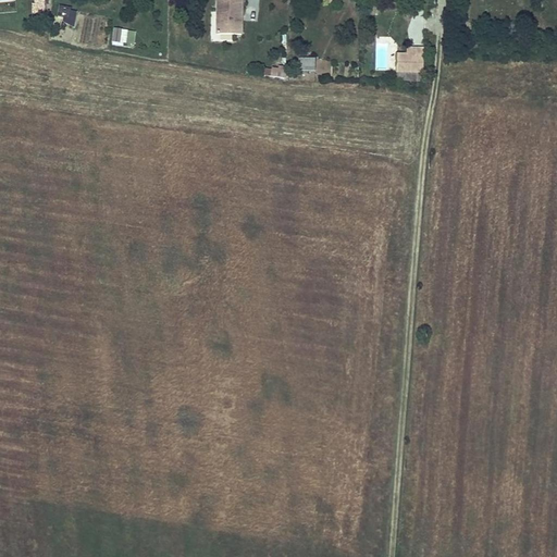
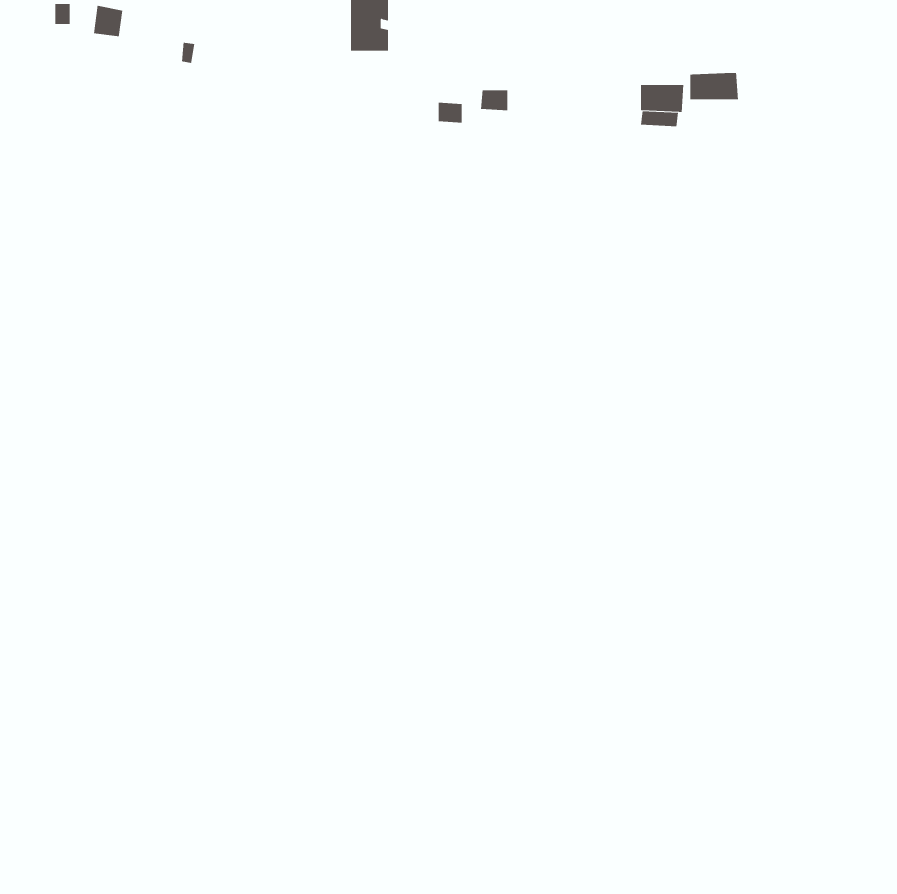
building: none -> [690,72,739,100]

